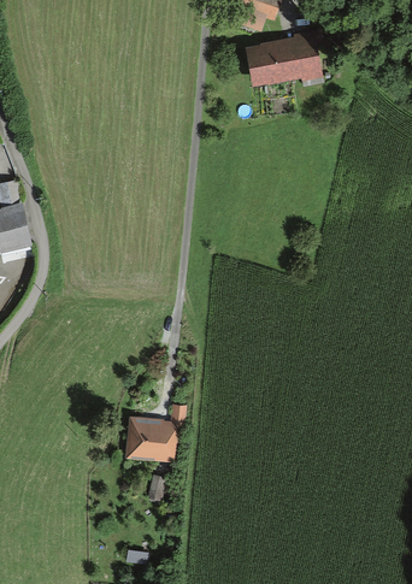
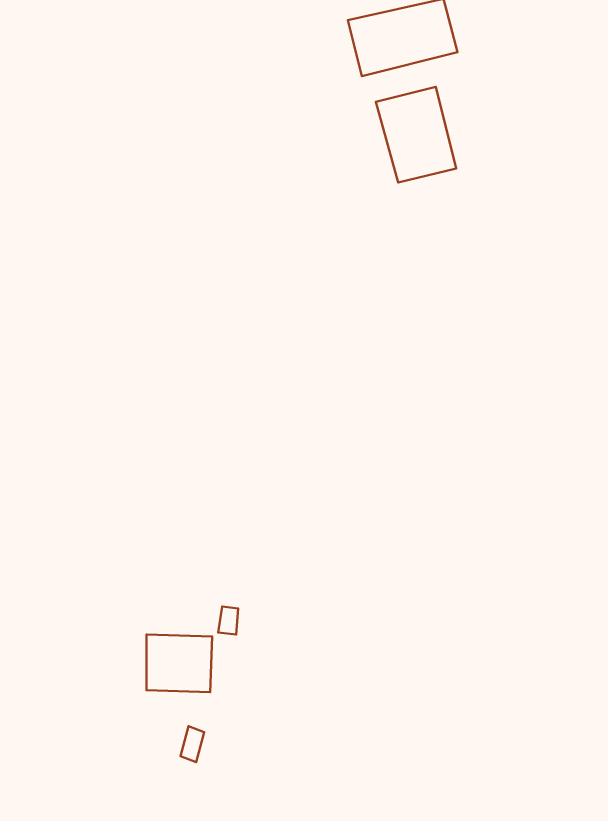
building: none -> [376,87,456,183]

